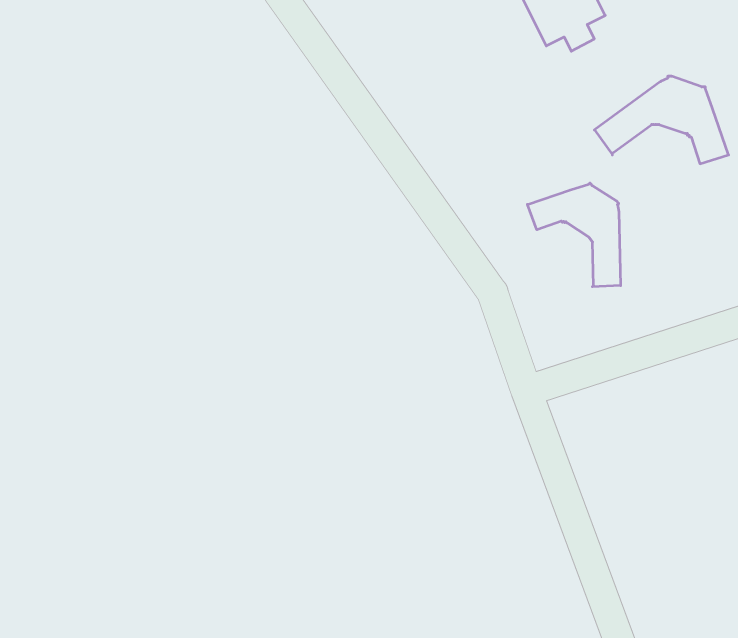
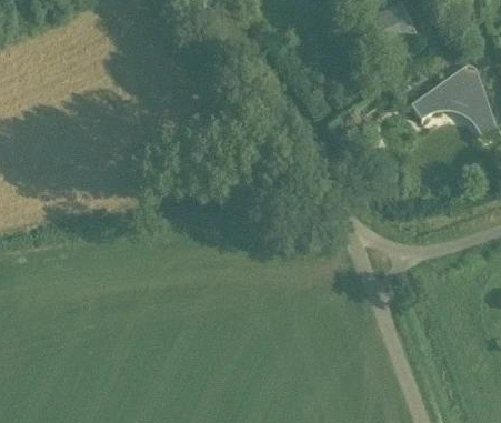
building: [527,183,621,287] -> none

